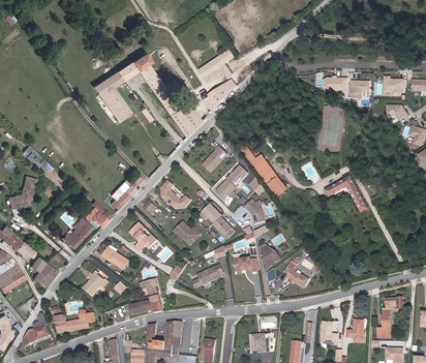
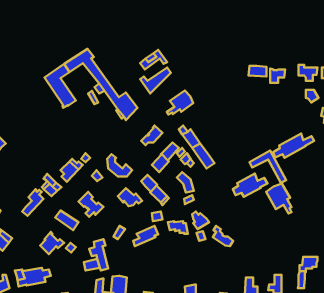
building: none -> [167,90,193,114]
building: none -> [273,134,314,158]
building: none -> [233,173,268,197]
building: none -> [266,184,292,214]

